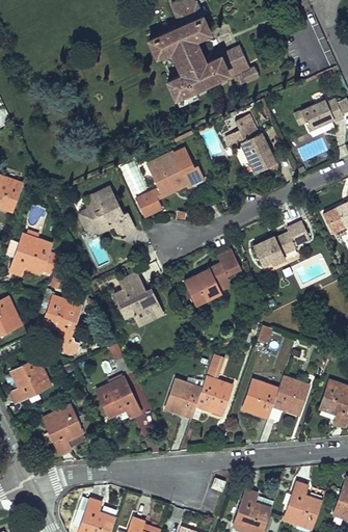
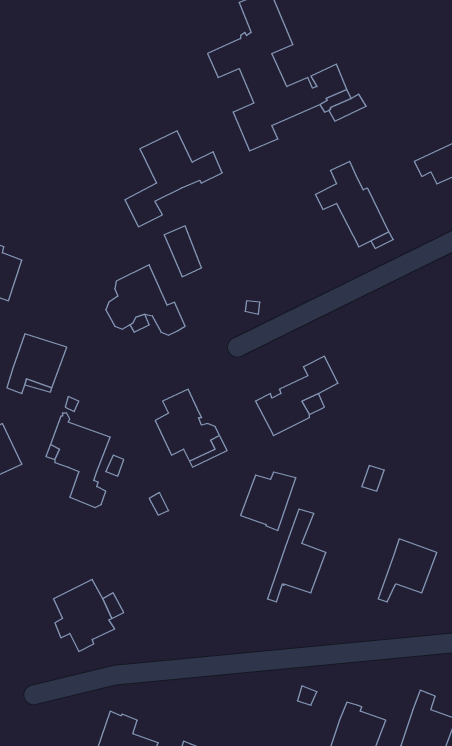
building: [136,151,204,217] -> [125,131,222,227]
building: [252,220,310,265] -> none
building: [10,357,51,402] -> none
building: [97,375,140,418] -> none
building: [165,377,204,418] -> [241,472,296,530]
building: [242,379,278,418] -> none

